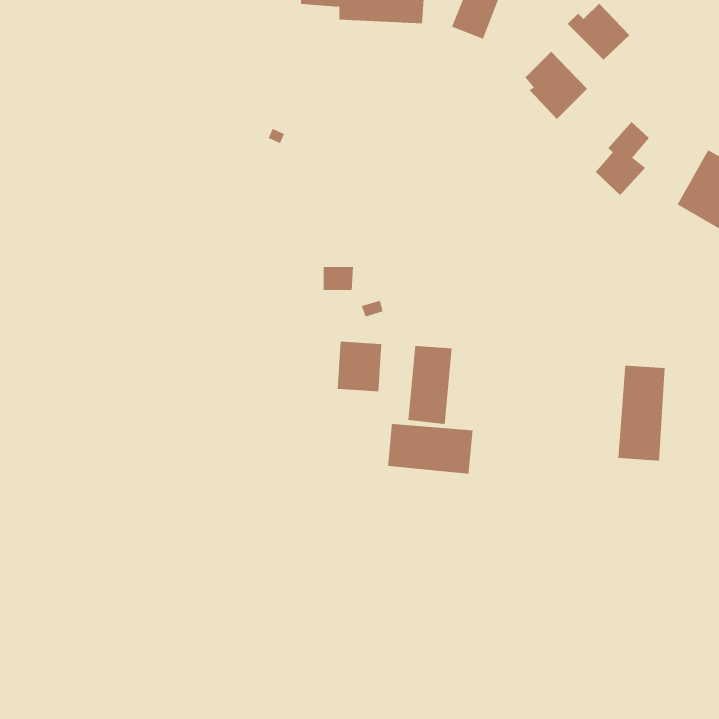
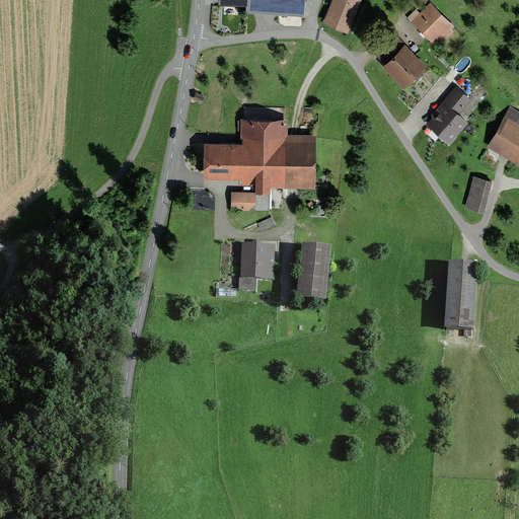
building: none -> [204,119,312,190]
building: none -> [465,177,492,213]
building: [388,423,473,475] -> none

